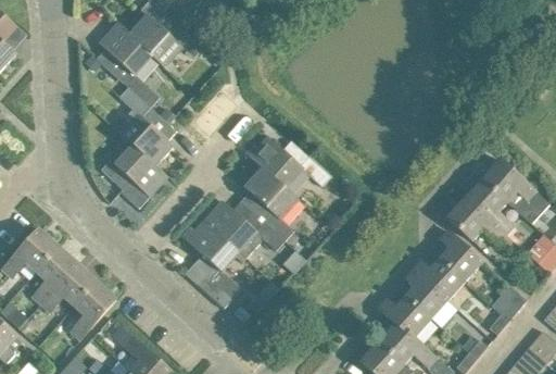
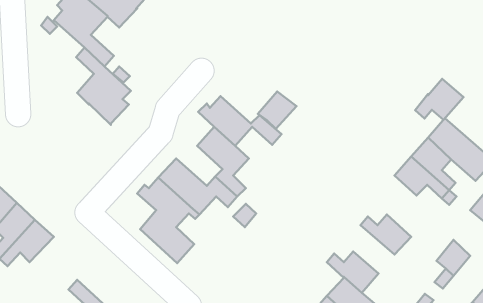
building: none -> [415,79,463,120]
building: none -> [258,91,296,129]
building: [101,144,168,208] -> none
building: [439,229,482,280] -> none
building: [405,269,447,319] -> none
building: [70,280,116,339] -> none

